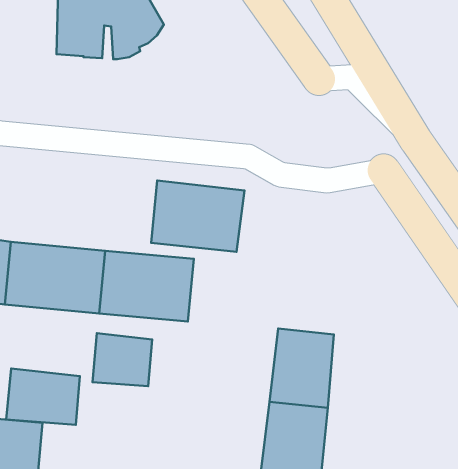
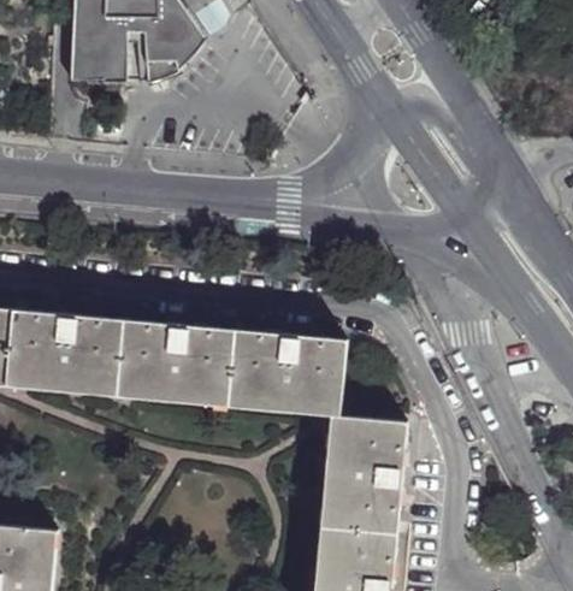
building: [151,180,244,252] -> [229,330,342,416]
building: [93,333,152,386] -> none
building: [6,368,80,425] -> none

